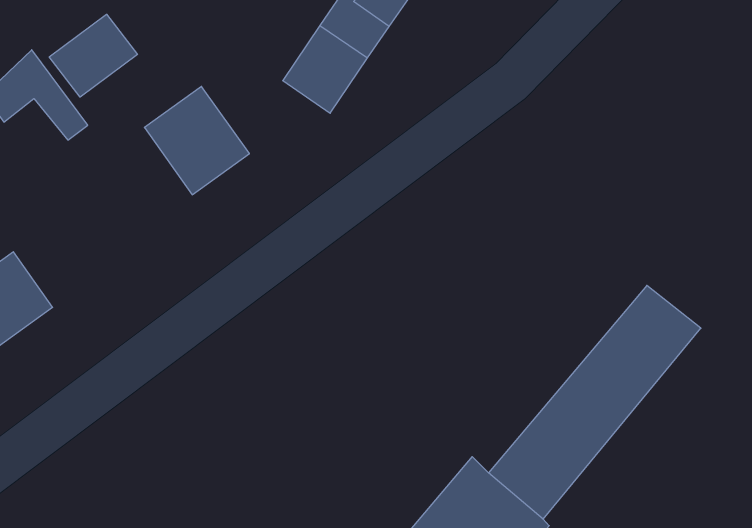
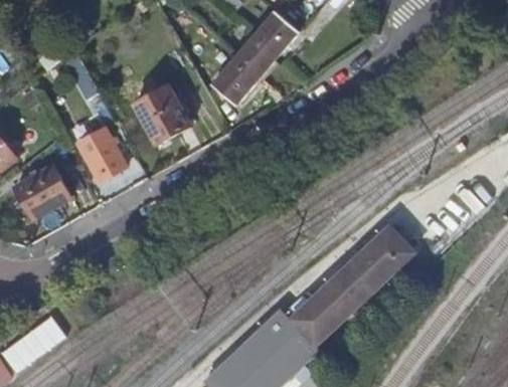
building: [49,14,137,97] -> none
building: none -> [72,123,123,179]

